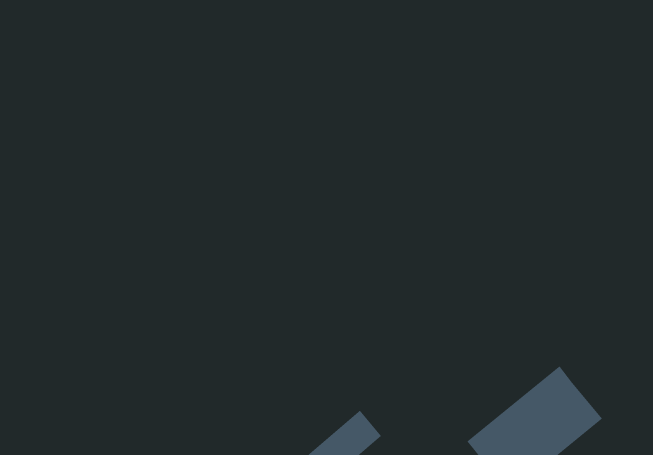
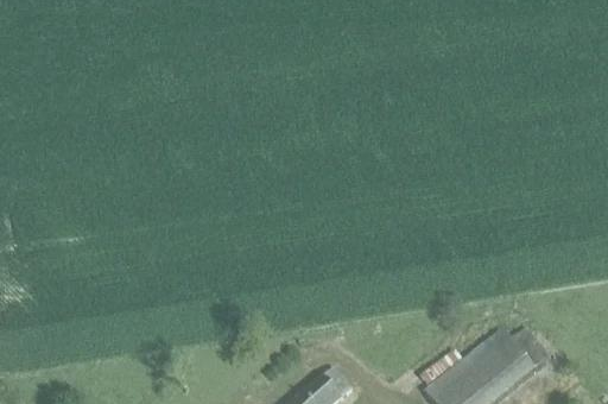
building: none -> [512,328,552,371]

